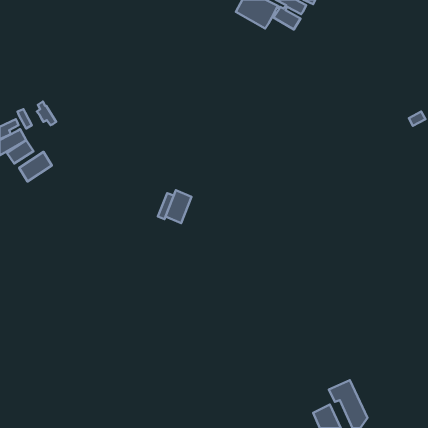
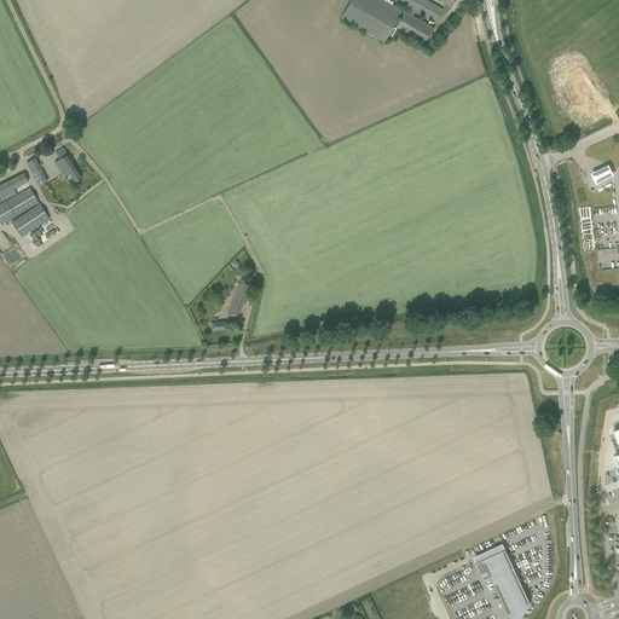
building: [19,152,52,181] -> none
building: [166,190,192,223] -> none

